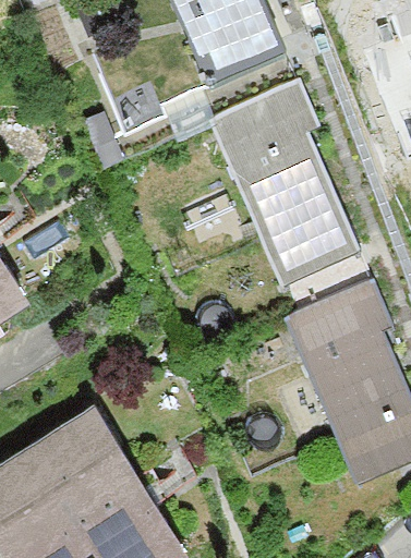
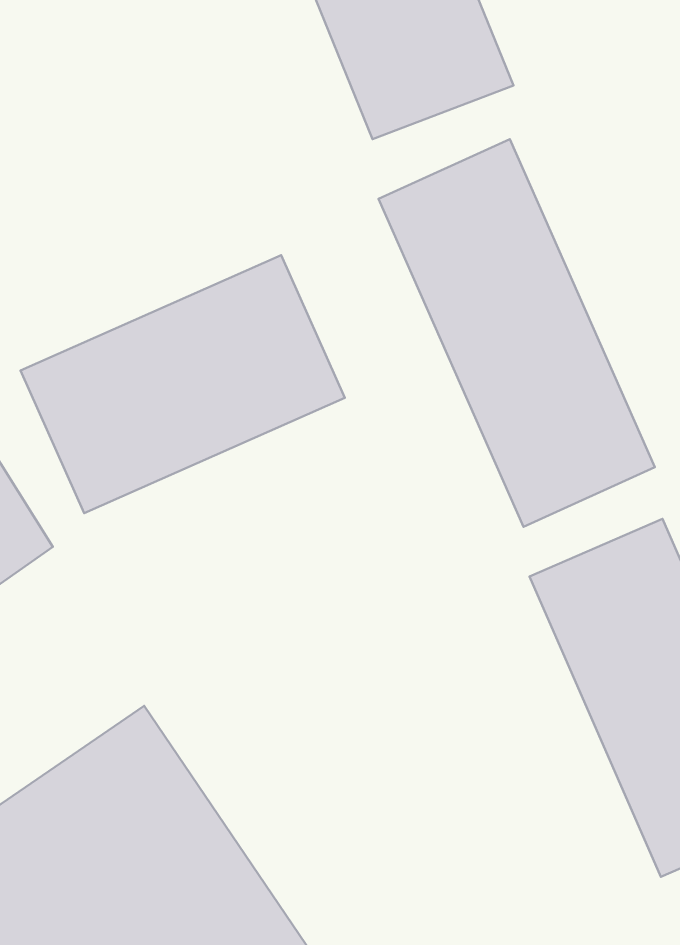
building: none -> [20,255,345,513]

